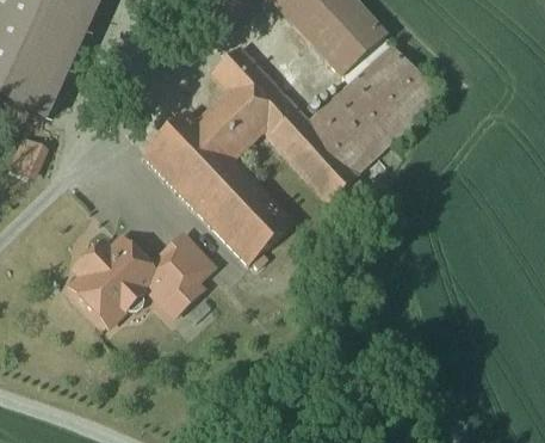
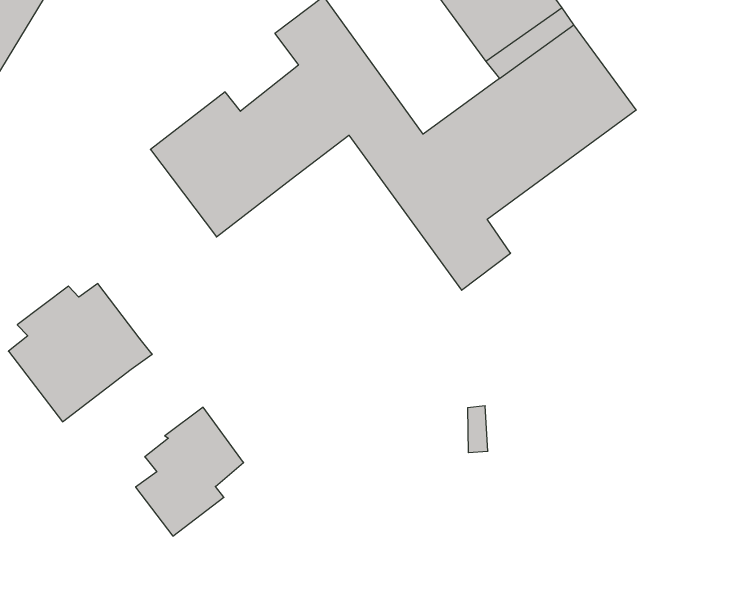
building: [190,160,291,265] -> none
building: [147,234,211,315] -> [136,407,244,536]

